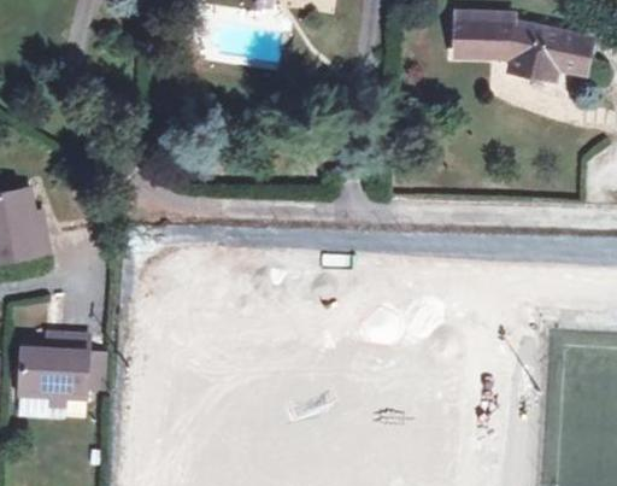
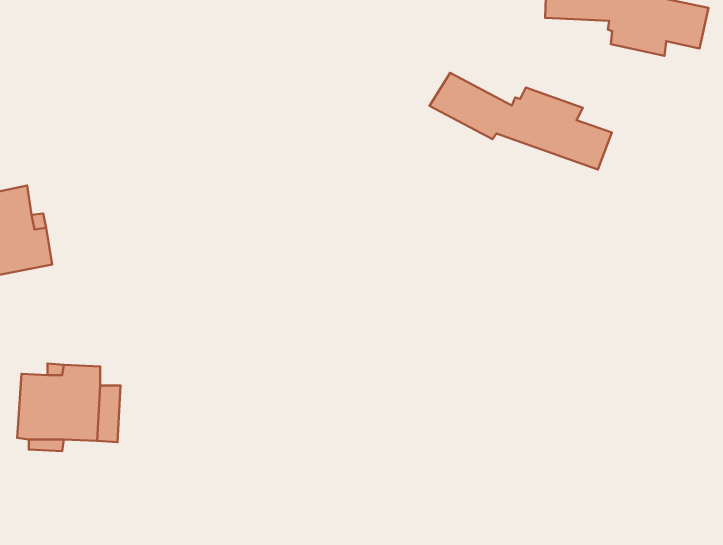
building: none -> [429,73,612,170]

